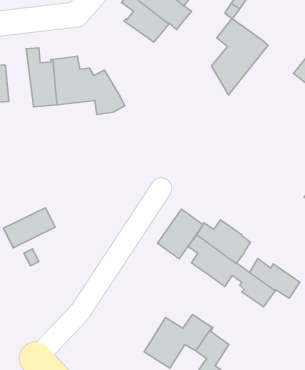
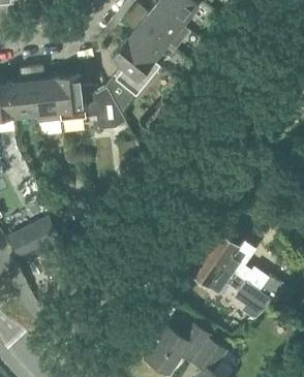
building: [211,18,268,95] -> [104,41,159,115]
building: none -> [10,68,36,119]
building: [157,209,203,259] -> none

